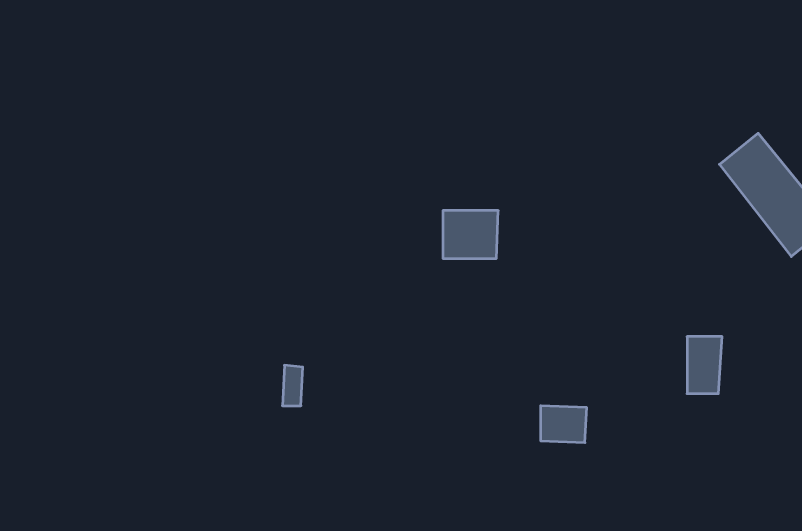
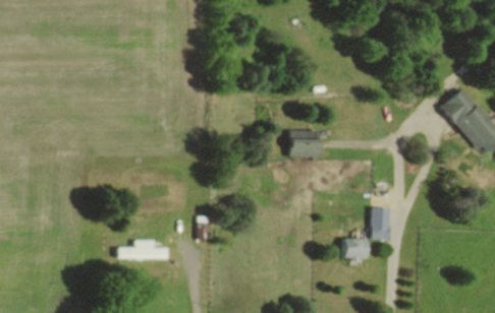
building: [687,337,722,394] -> [372,207,391,239]
building: none -> [118,240,168,259]

